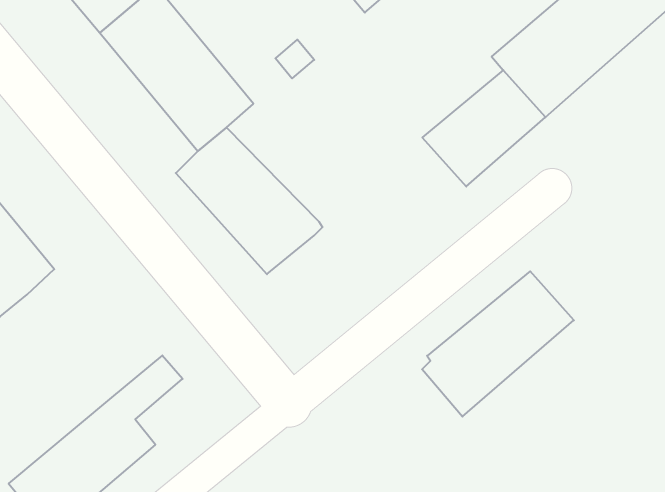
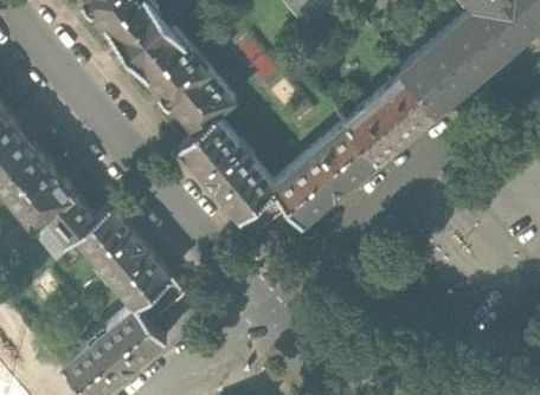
building: none -> [75,208,169,310]
building: [422,271,574,417] -> [276,128,382,229]

